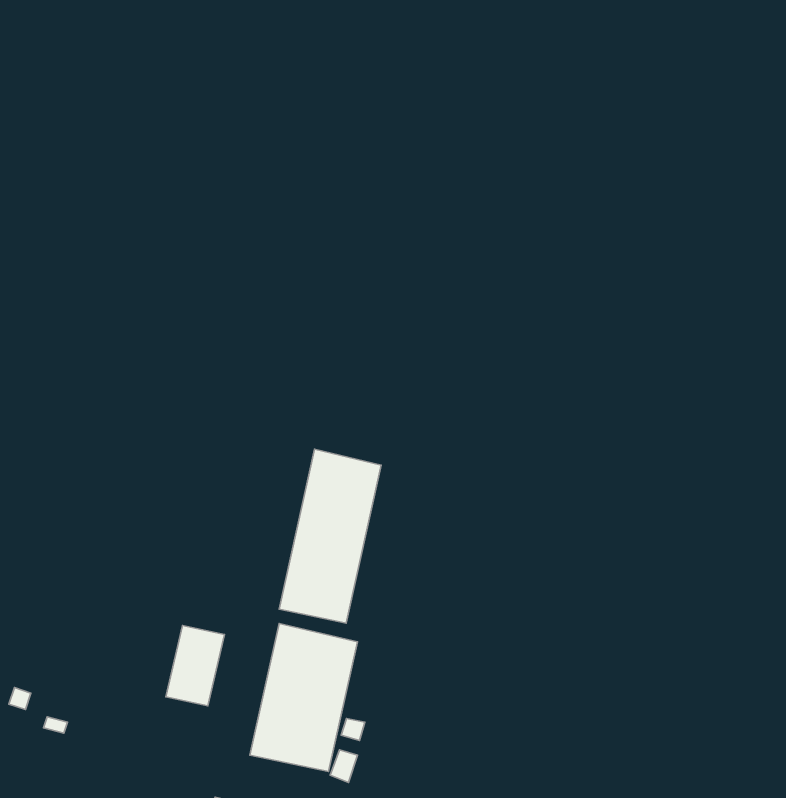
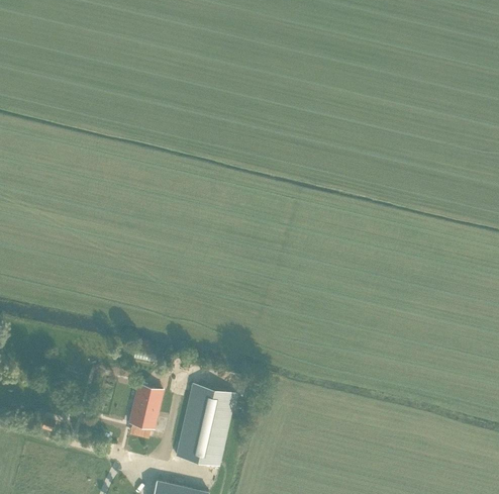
building: [279,449,381,623] -> none

